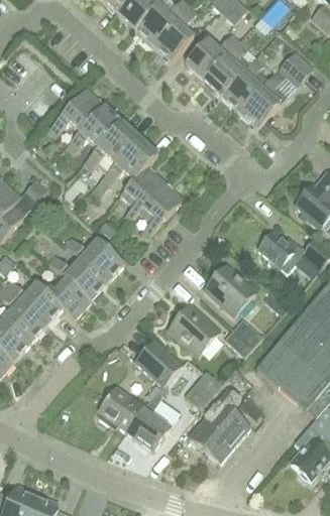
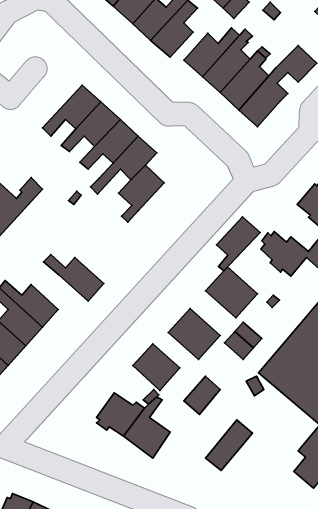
building: [140,183,183,236] -> [217,217,260,271]
building: [65,236,124,281] -> none
building: [36,273,92,317] -> none
building: [189,389,241,450] -> none

